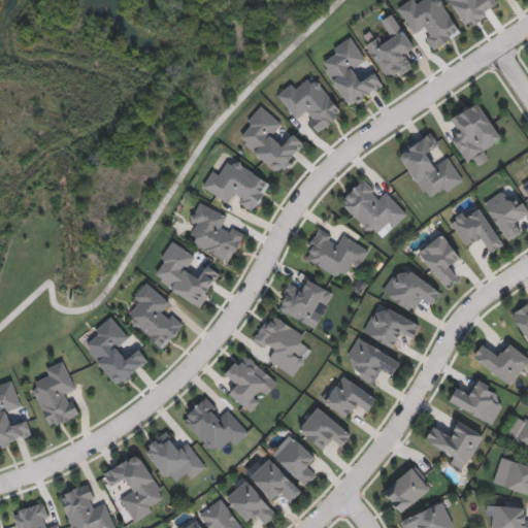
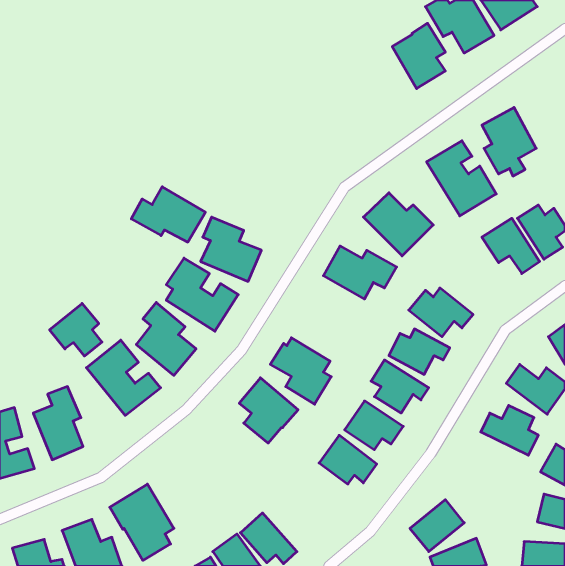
building: [318,36,383,106] -> none
building: [275,75,342,132] -> none
building: [239,104,304,174] -> none
building: [201,158,270,209] -> [131,187,205,242]
building: [417,232,461,286] -> none
building: [274,277,333,328] -> none
building: none -> [50,303,102,356]
building: [180,397,249,455] -> none
building: [425,421,483,470] -> none
building: [142,431,206,482] -> none
building: [272,435,318,486] -> none
building: [245,454,301,503] -> none

